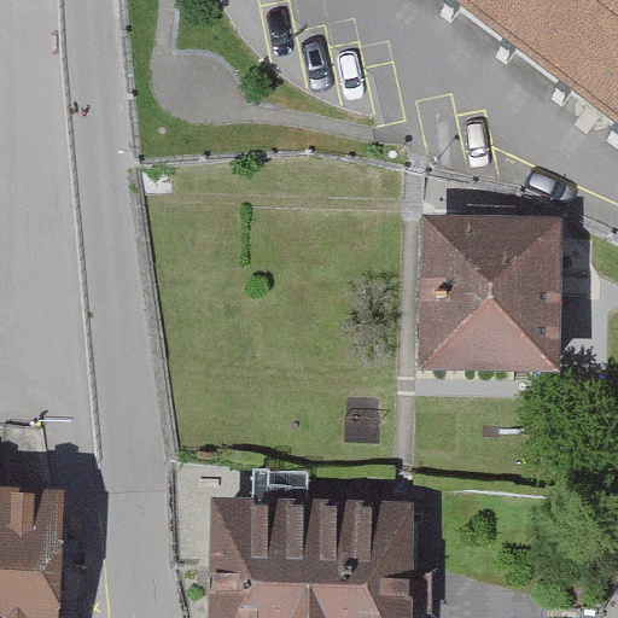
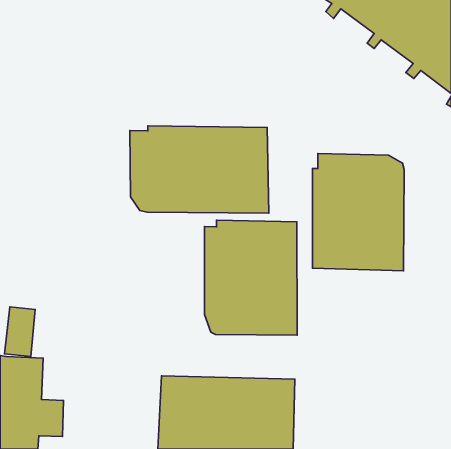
building: none -> [130,126,269,213]
building: none -> [204,220,297,335]

